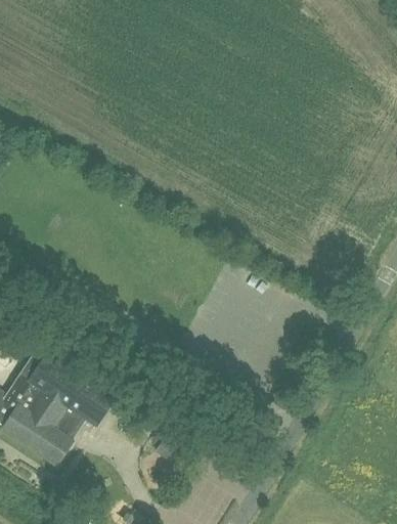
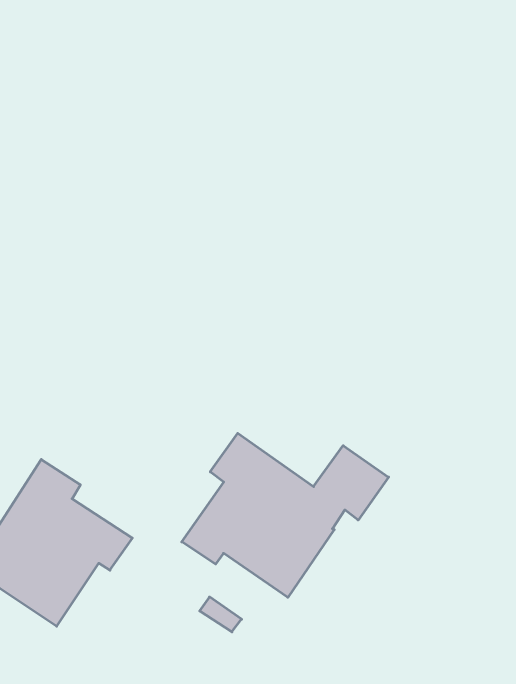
building: none -> [182,433,389,597]

